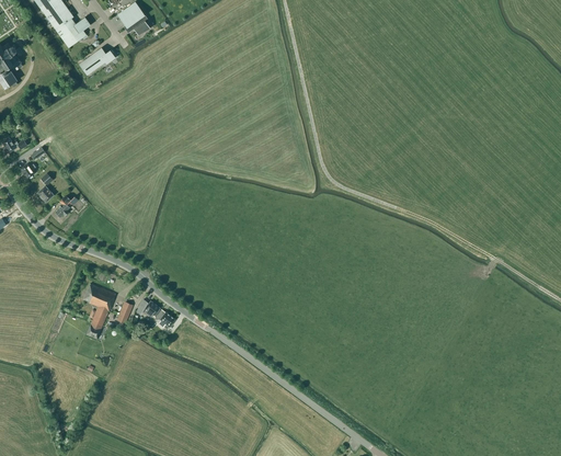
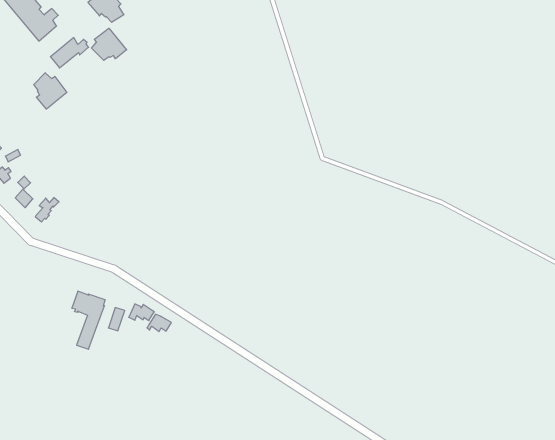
building: none -> [92,28,127,60]
building: none -> [34,73,67,109]

